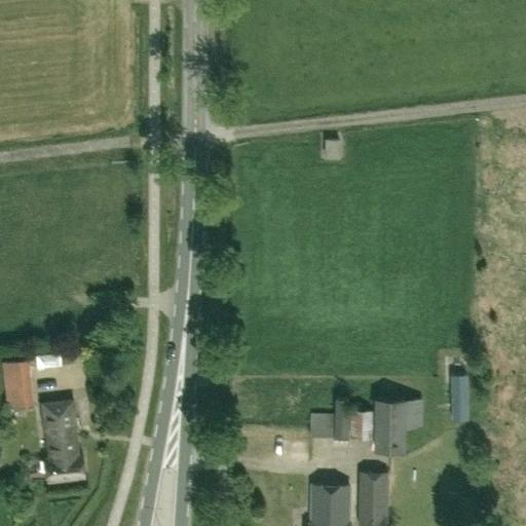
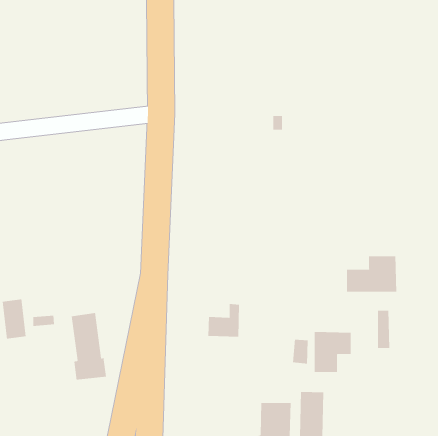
building: none -> [347,256,397,292]
building: [310,399,349,439] -> [207,304,240,337]
building: [42,401,85,482] -> [71,313,107,380]

